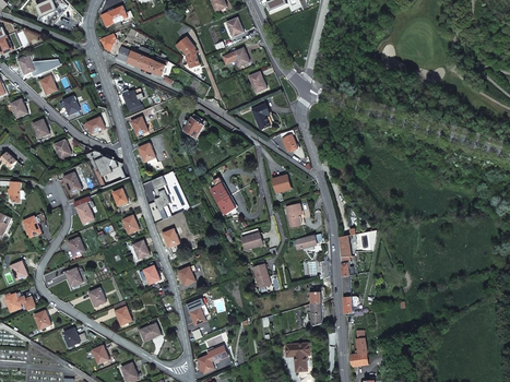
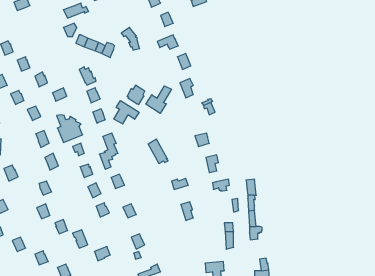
building: none -> [146,86,172,113]
building: none -> [114,101,139,124]

